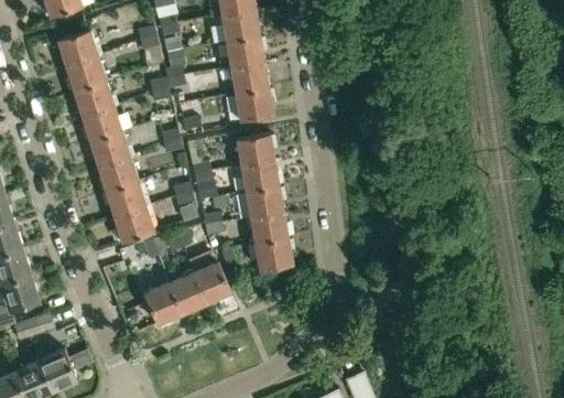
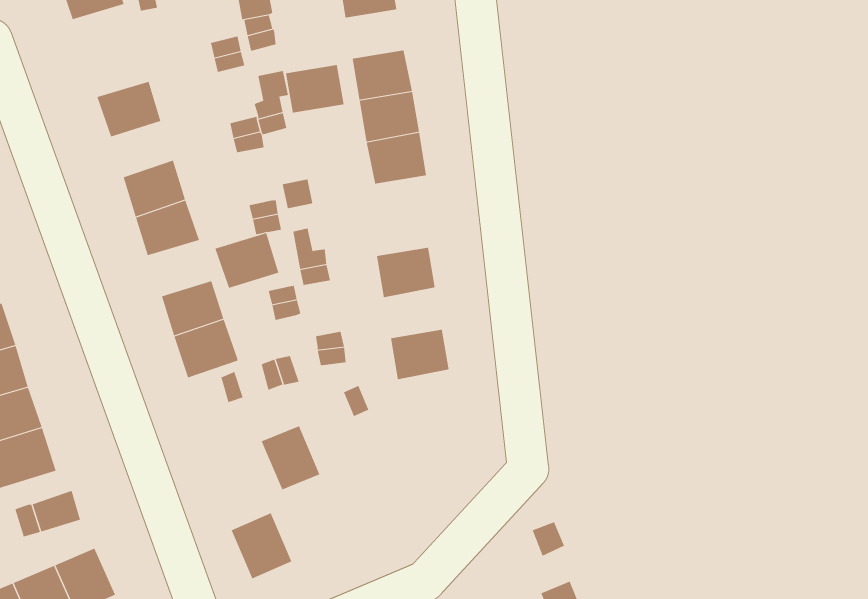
building: [221,10,259,41] -> [285,64,344,113]
building: [57,29,98,65] -> none
building: [74,80,113,116] -> none
building: [236,132,274,165] -> none
building: [97,155,138,191] -> [215,233,279,289]
building: [246,185,283,217] -> none
building: [254,237,292,270] -> none
building: [193,261,231,303] -> none
building: [143,282,182,324] -> [231,513,292,579]

